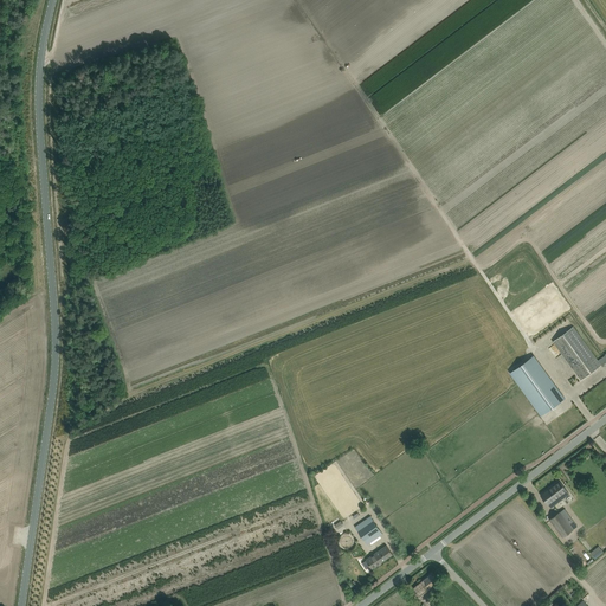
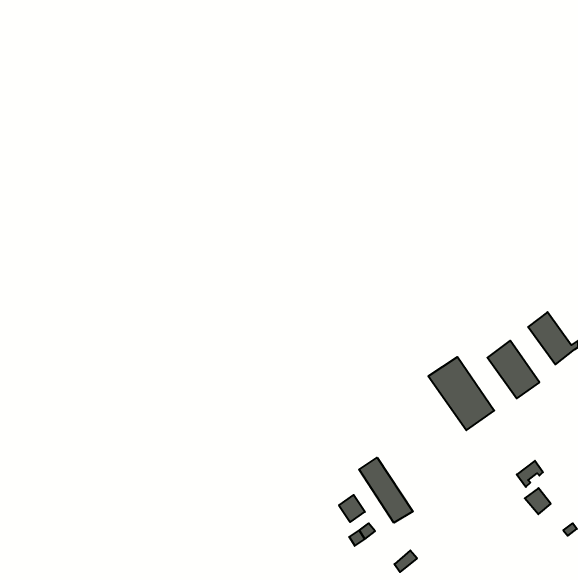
building: none -> [428,357,494,430]
building: none -> [359,458,413,523]

